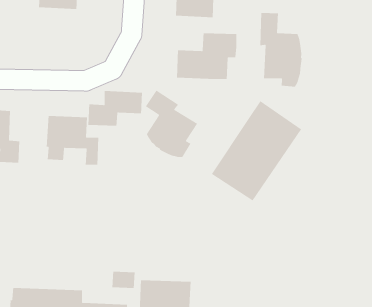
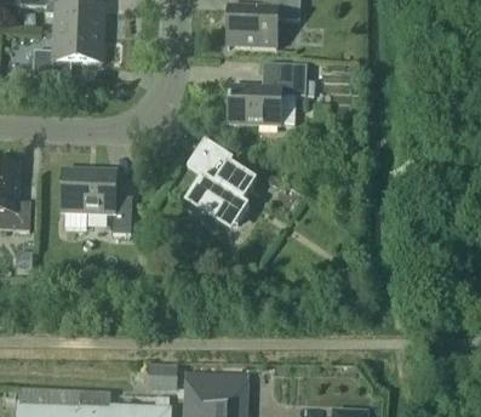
building: [259,12,303,88] -> none
building: [88,90,143,126] -> [33,30,103,76]
building: [211,100,302,202] -> none

